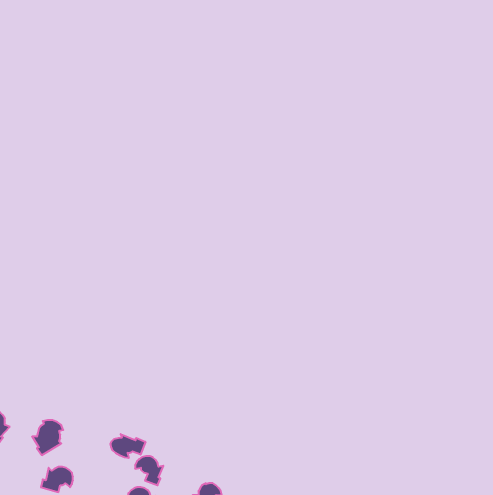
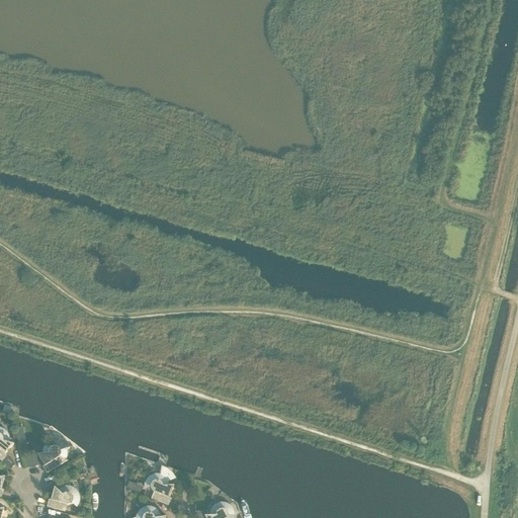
building: [111,434,145,458] -> none

